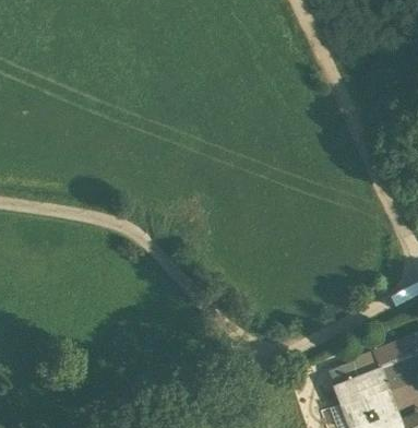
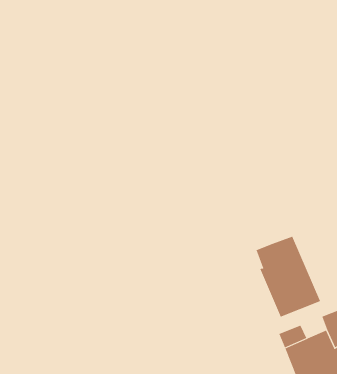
building: none -> [256,236,321,317]

